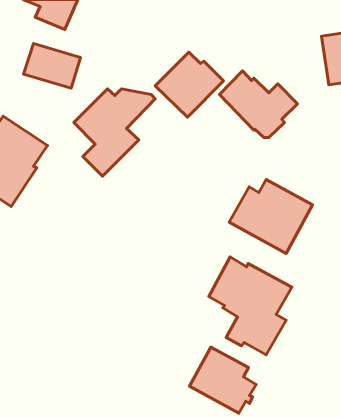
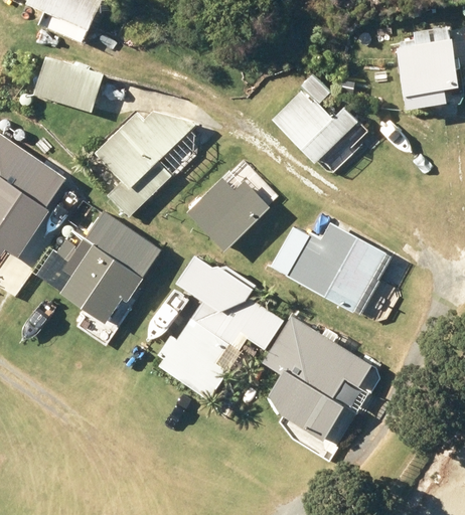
building: [155,52,224,117] -> [186,170,270,249]
building: none -> [33,228,156,345]
building: none -> [156,259,282,399]
building: [189,347,256,413] -> none

